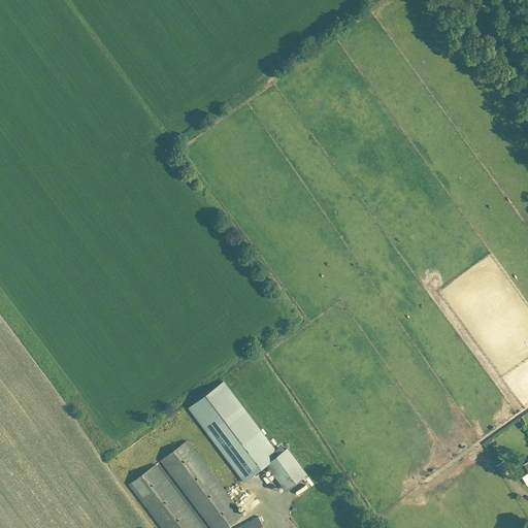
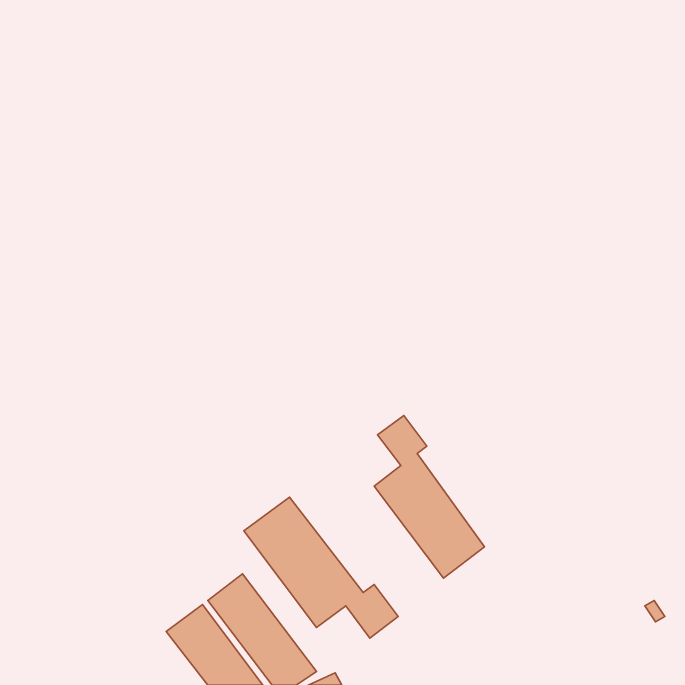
building: none -> [374,416,485,578]

